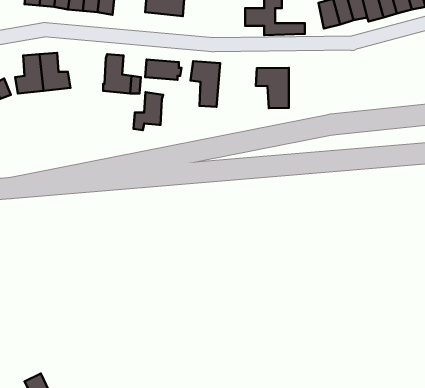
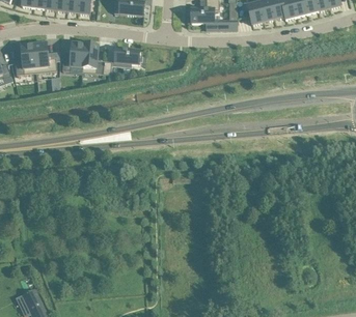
building: [191,61,220,107] -> none
building: [256,68,289,108] -> none
building: [133,92,163,130] -> [62,41,85,70]

